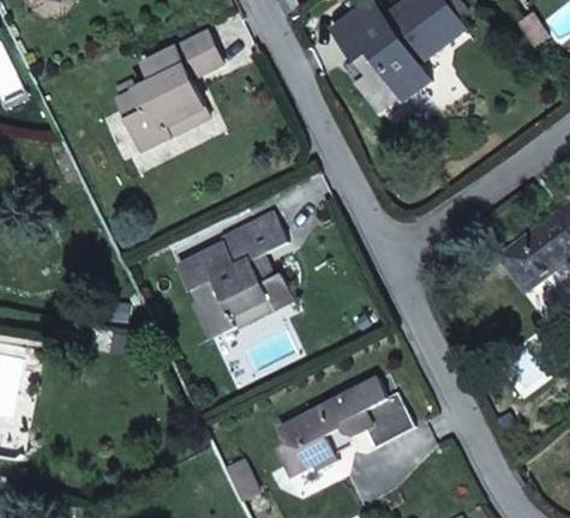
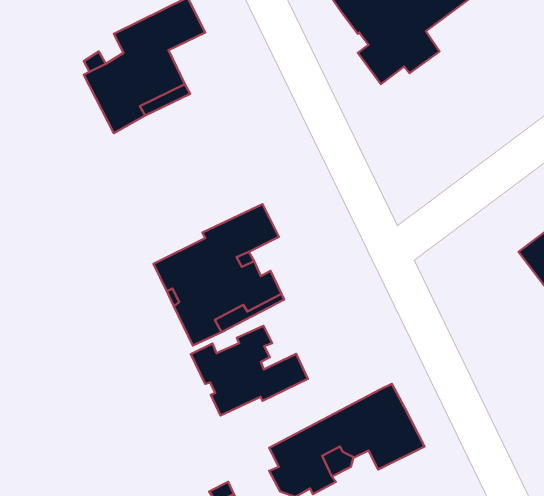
building: none -> [191,326,308,415]

